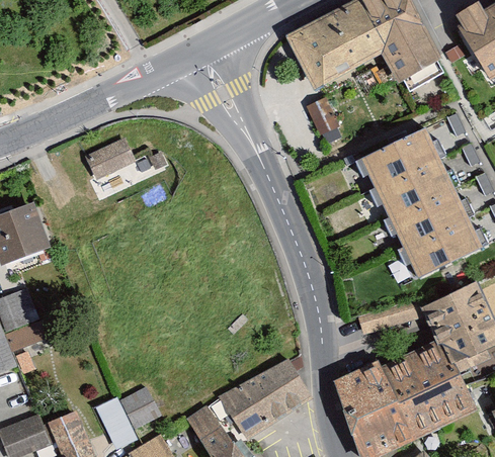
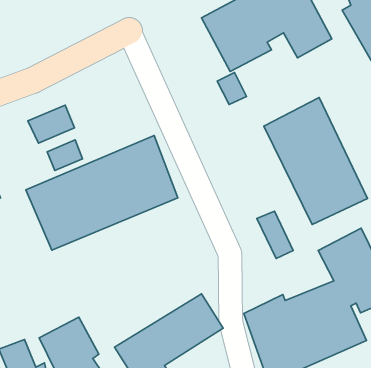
building: none -> [26,136,178,250]
building: none -> [47,140,82,170]
building: none -> [257,211,293,259]

